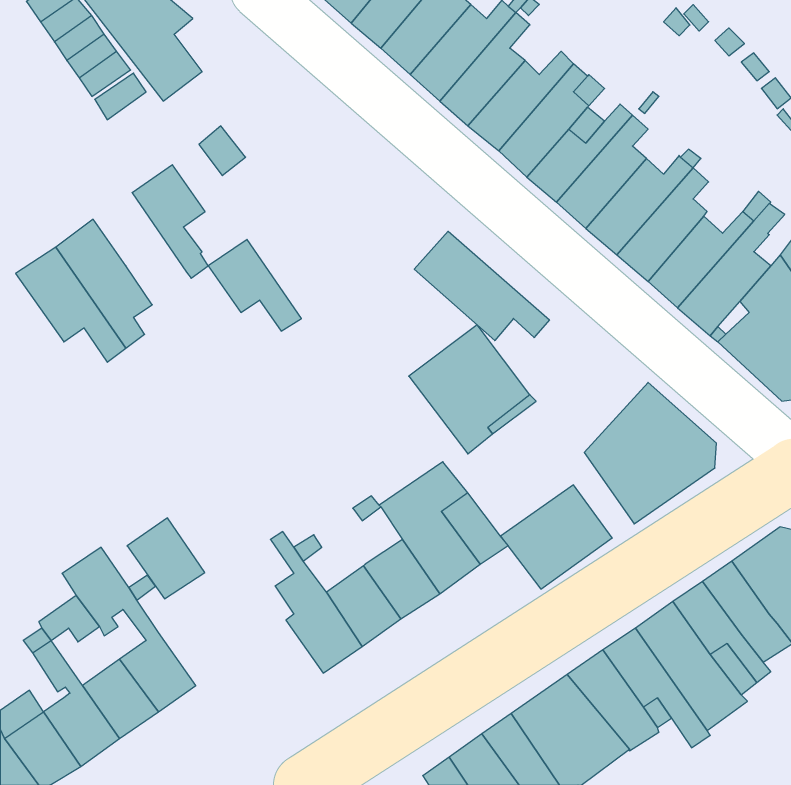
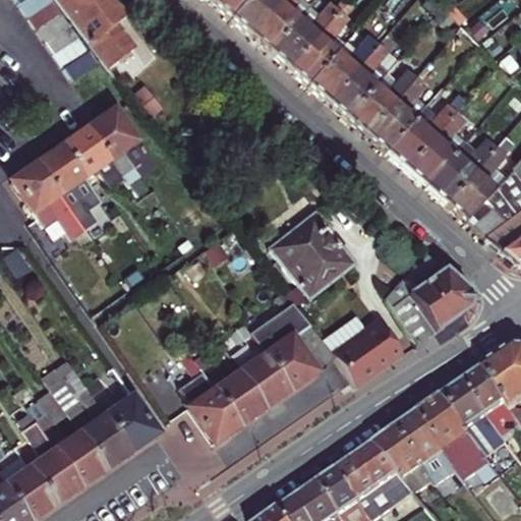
building: [414,231,549,341] -> none
building: [208,239,301,331] -> [63,126,124,186]
building: [127,518,205,599] -> [106,396,157,449]

